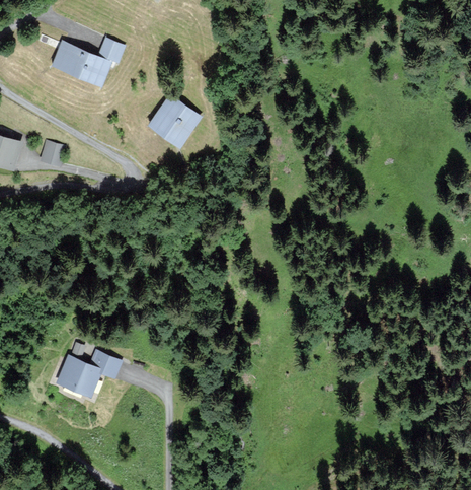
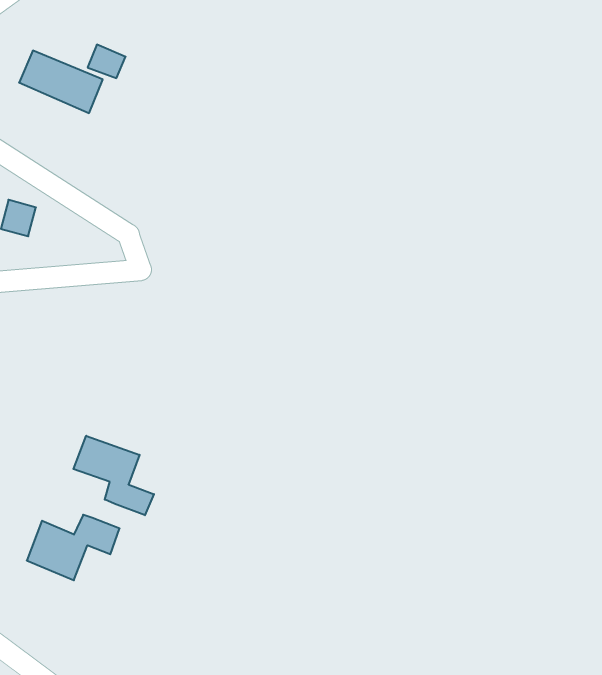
building: [150,95,199,145] -> none
building: none -> [73,436,154,515]

